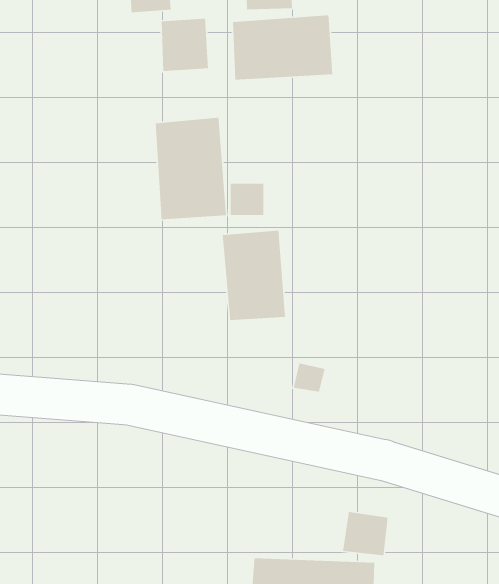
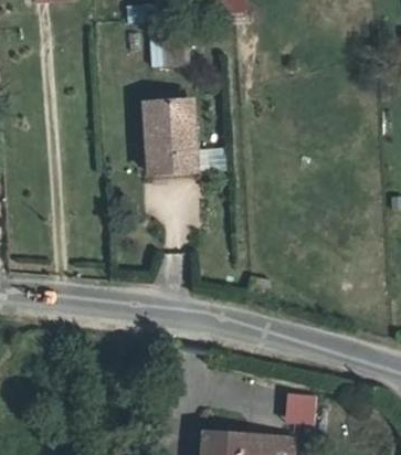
building: [232,15,333,81] -> none
building: [222,230,286,321] -> none

